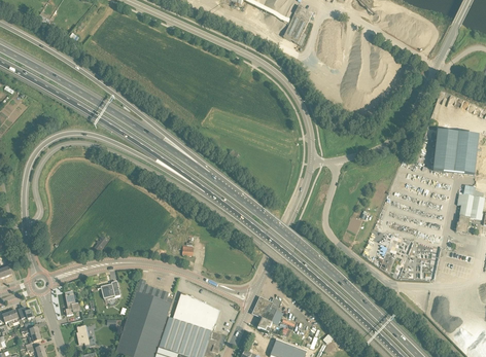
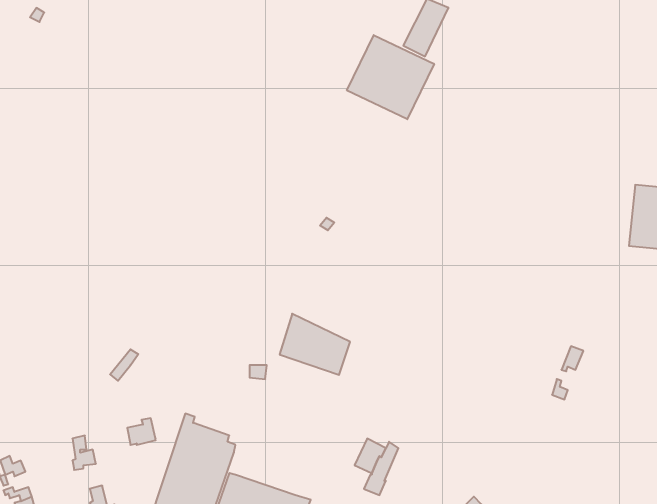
building: none -> [347,35,434,119]
building: [172,291,218,331] -> [280,314,350,375]

